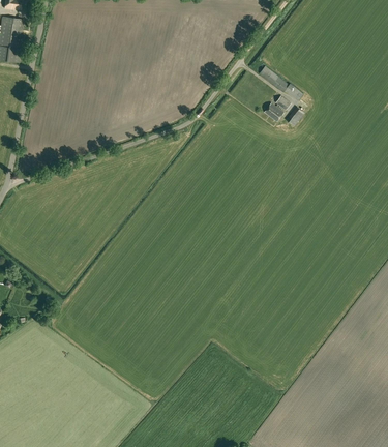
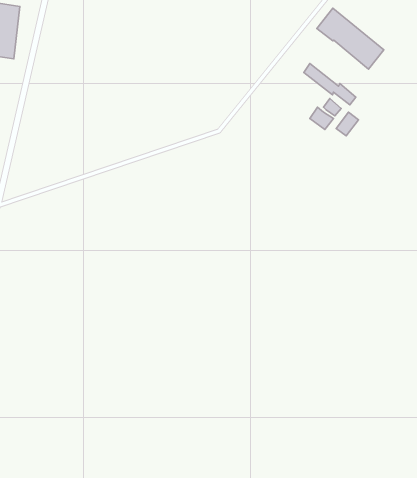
building: none -> [317,8,384,69]

